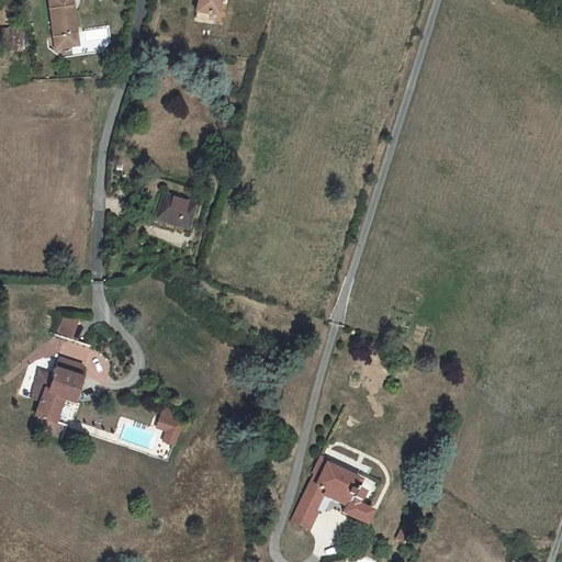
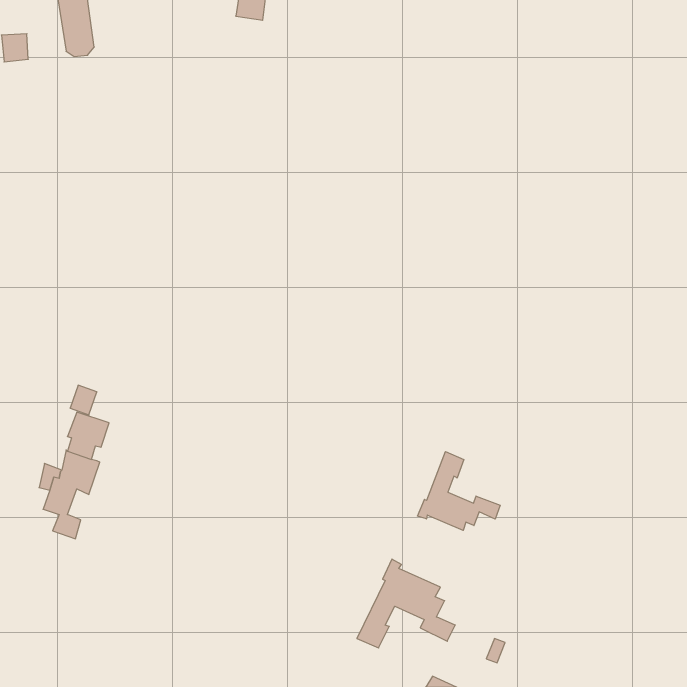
building: [155,192,196,229] -> none
building: none -> [418,452,500,530]
building: [156,404,184,445] -> none

